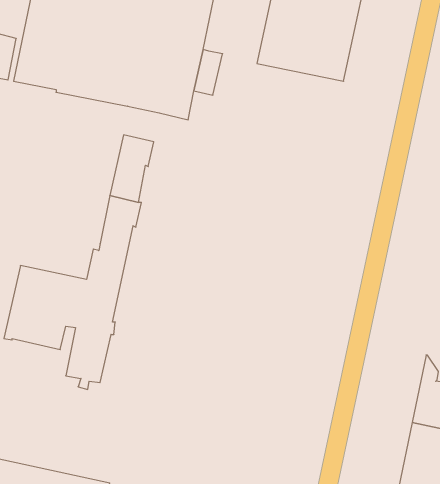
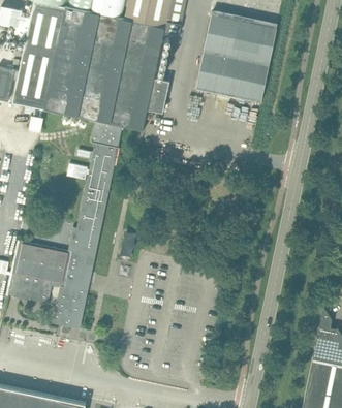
building: none -> [94,121,122,148]

